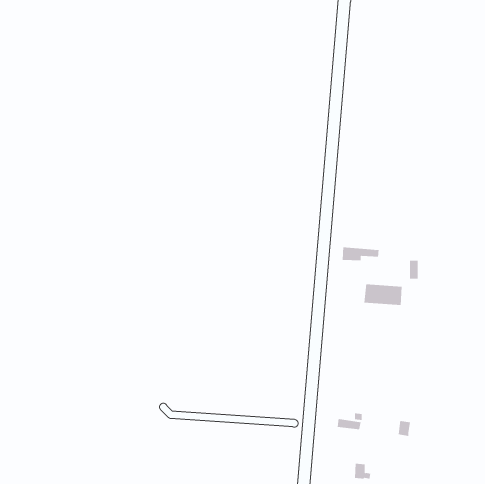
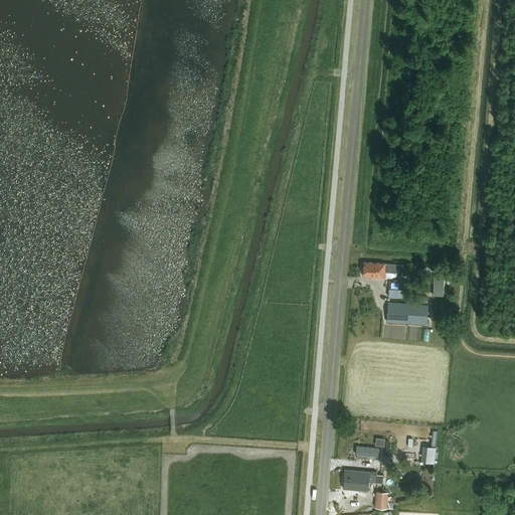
building: none -> [343,471,383,491]

